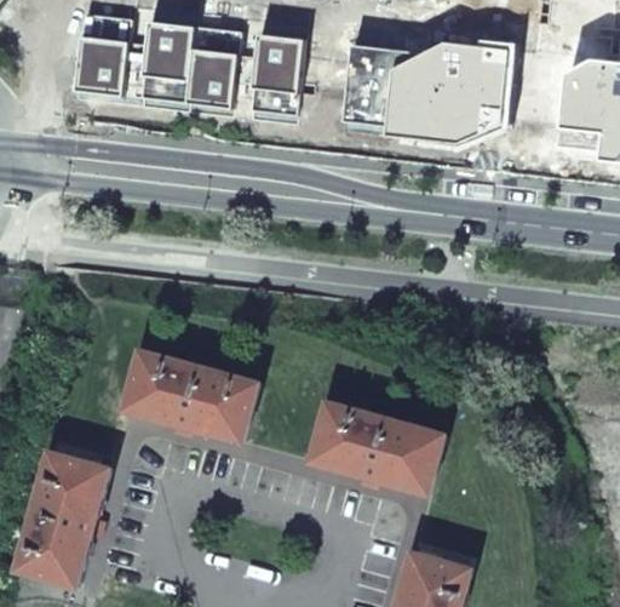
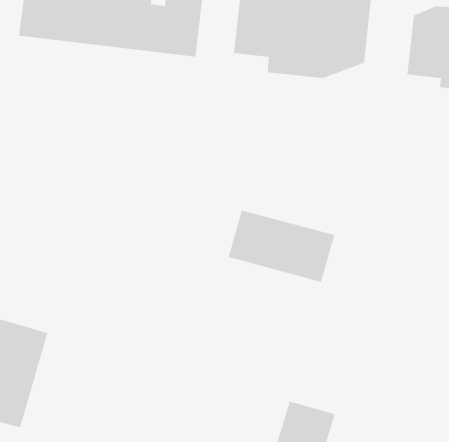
building: [124,350,257,442] -> none
building: [310,401,444,492] -> [228,210,335,282]

